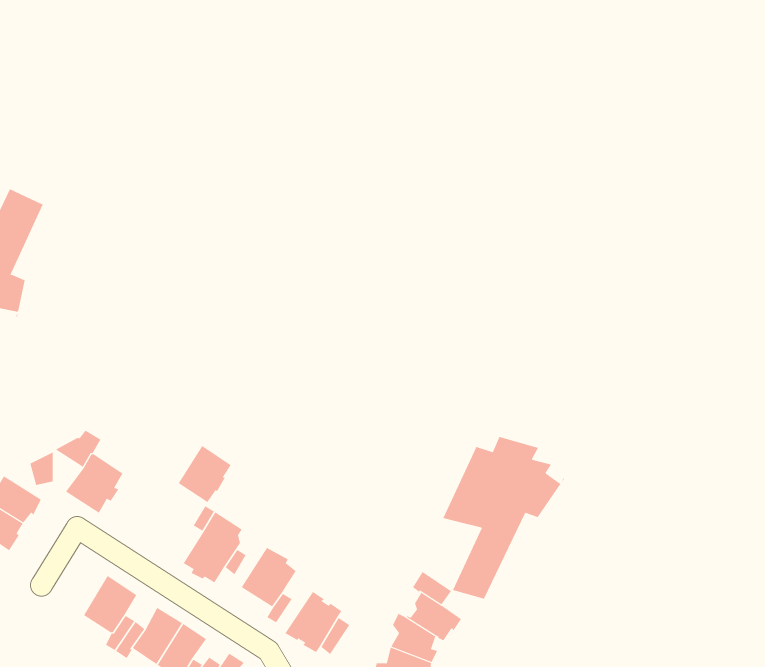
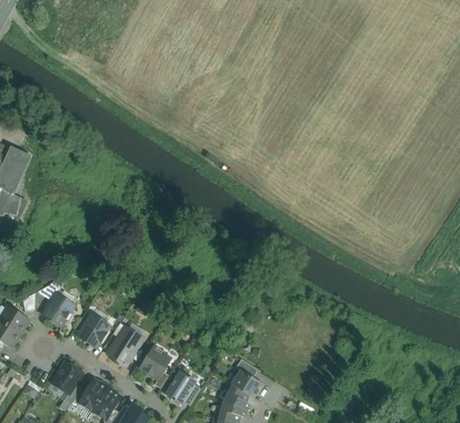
building: [443,436,565,600] -> none
building: [178,445,232,503] -> [78,314,108,346]

